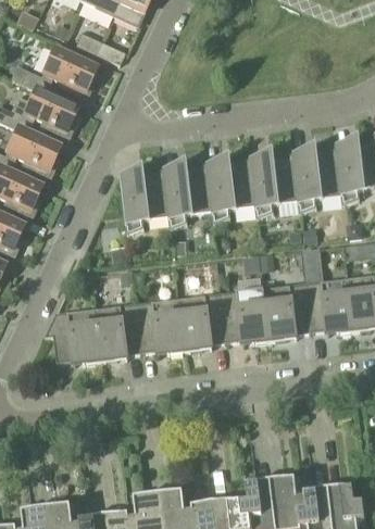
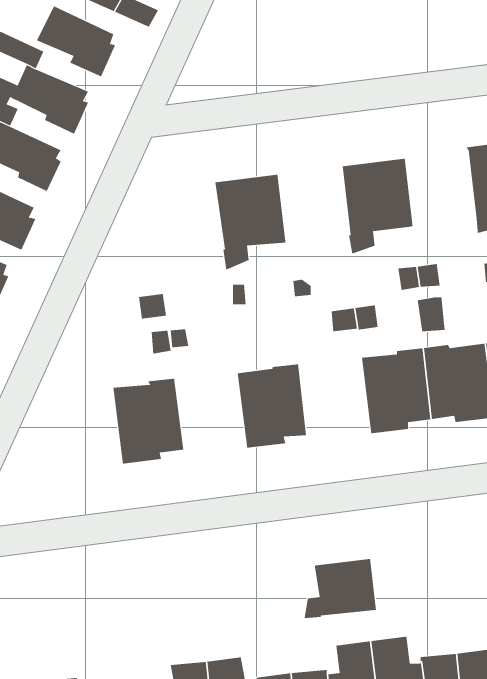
building: [293,147,341,213] -> none
building: [207,158,255,223] -> none
building: [120,168,170,234] -> none
building: [221,288,270,343] -> none
building: [136,299,185,353] -> none
building: [45,308,100,364] -> none
building: none -> [304,558,377,619]

